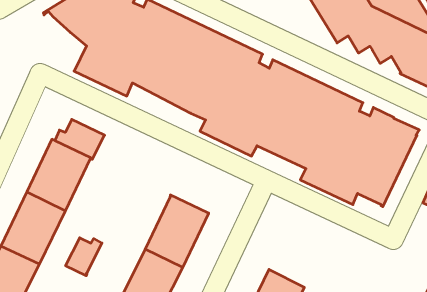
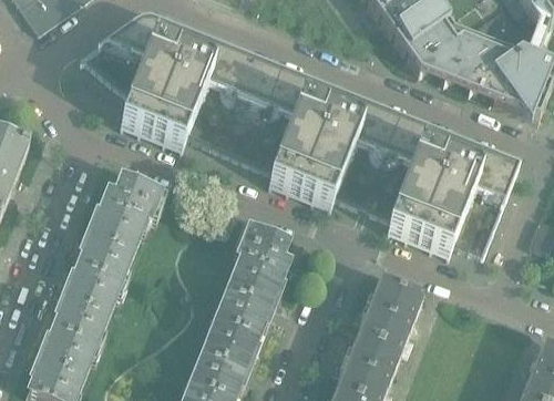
building: none -> [237,232,288,277]
building: none -> [358,282,422,354]
building: [66,238,102,276] -> none

